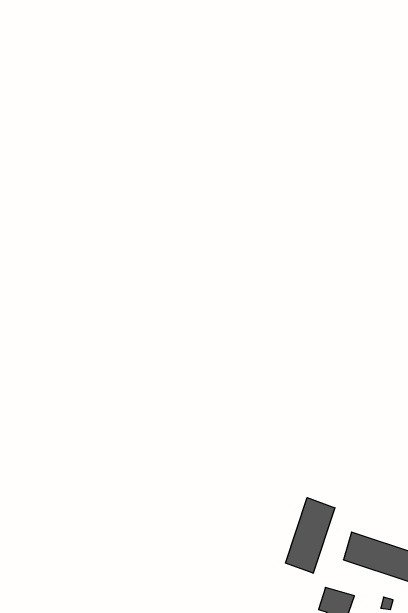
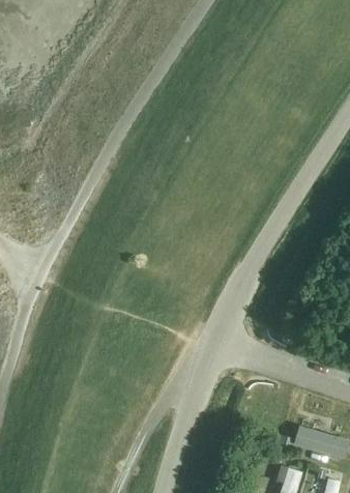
building: [285,498,335,573] -> none

